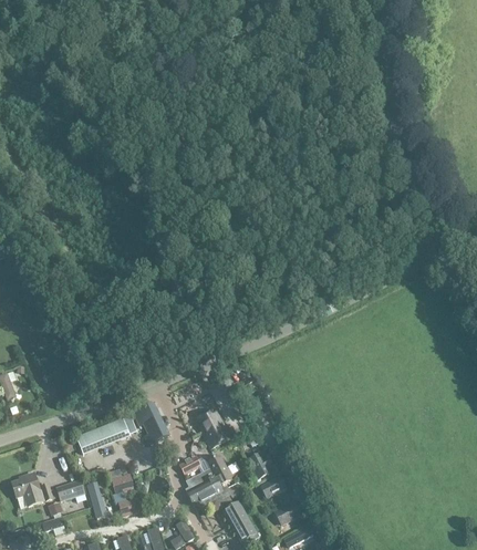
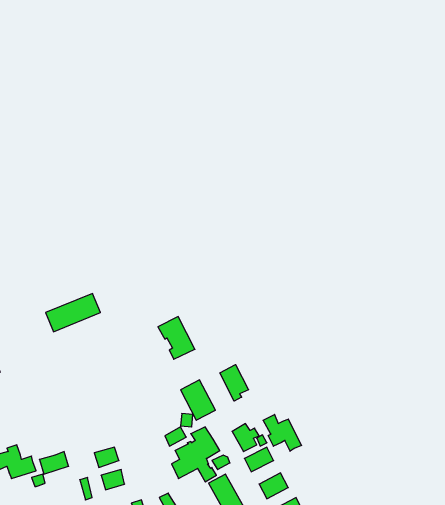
building: none -> [220,365,249,401]
building: [133,402,169,444] -> [158,317,195,359]
building: [75,417,129,455] -> [46,294,100,332]
building: none -> [263,414,302,451]

